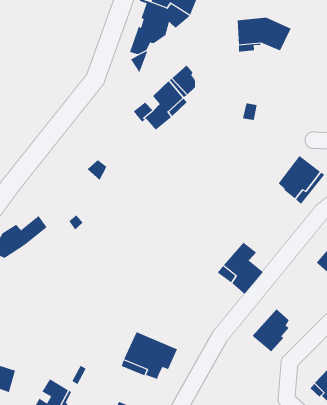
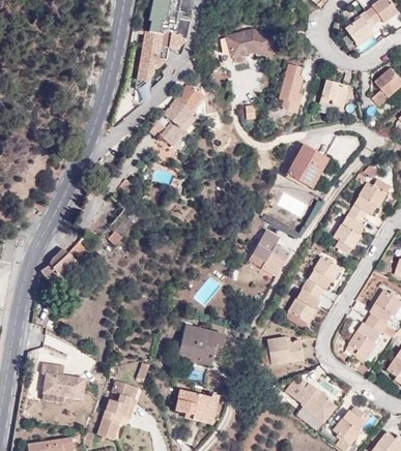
building: none -> [277,63,302,112]
building: none -> [305,257,340,292]
building: none -> [266,337,303,364]

